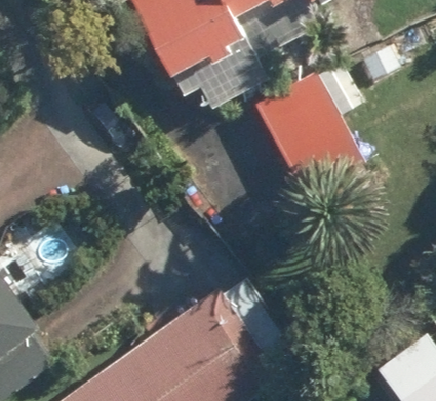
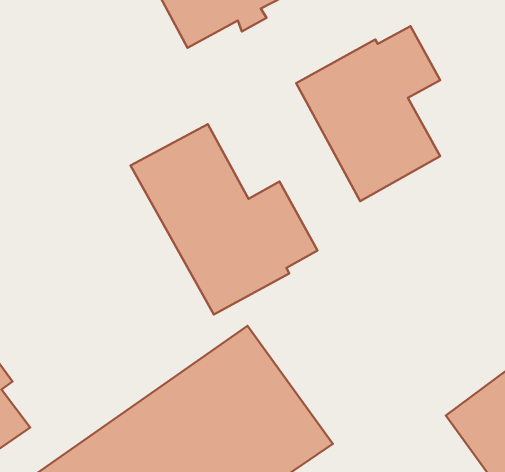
building: none -> [131,124,318,315]

